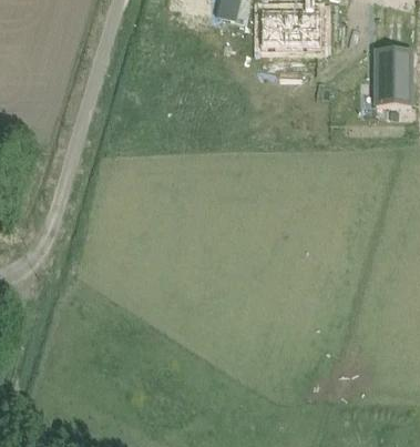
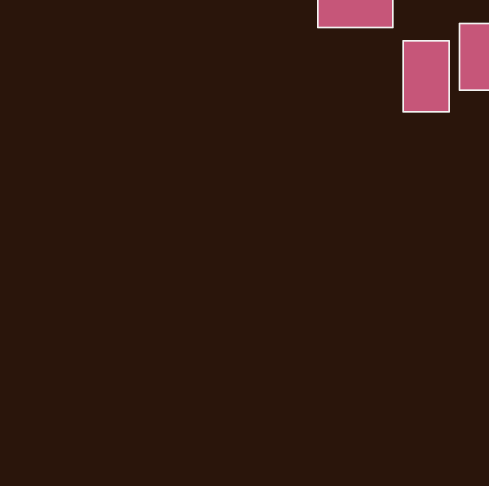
building: none -> [403,41,449,112]

